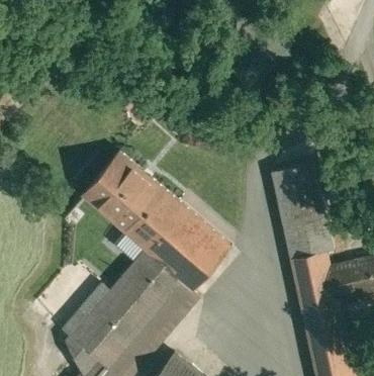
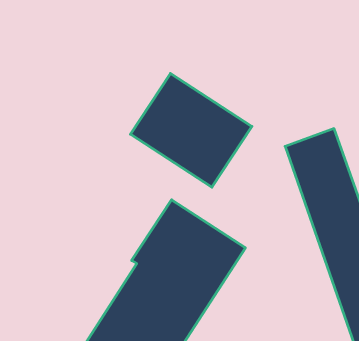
building: [68,154,172,255] -> [130,73,252,187]

